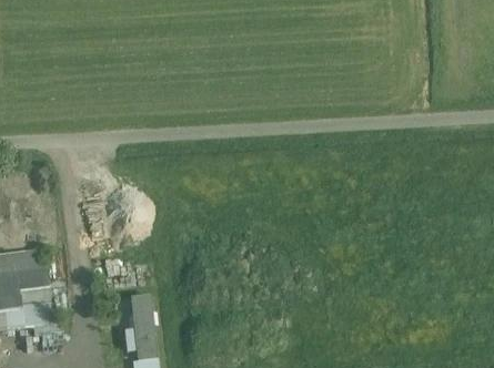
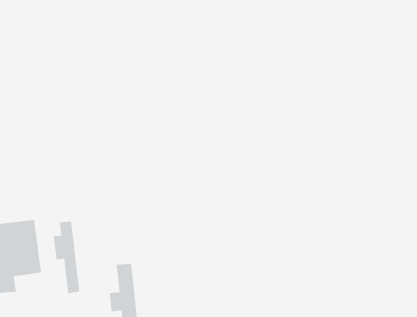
building: none -> [53,221,80,294]

